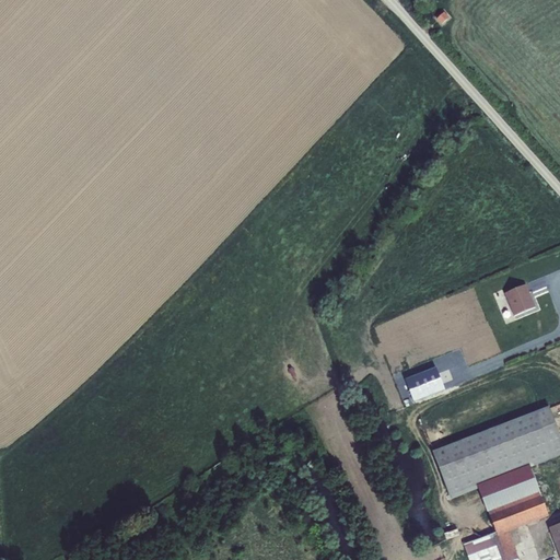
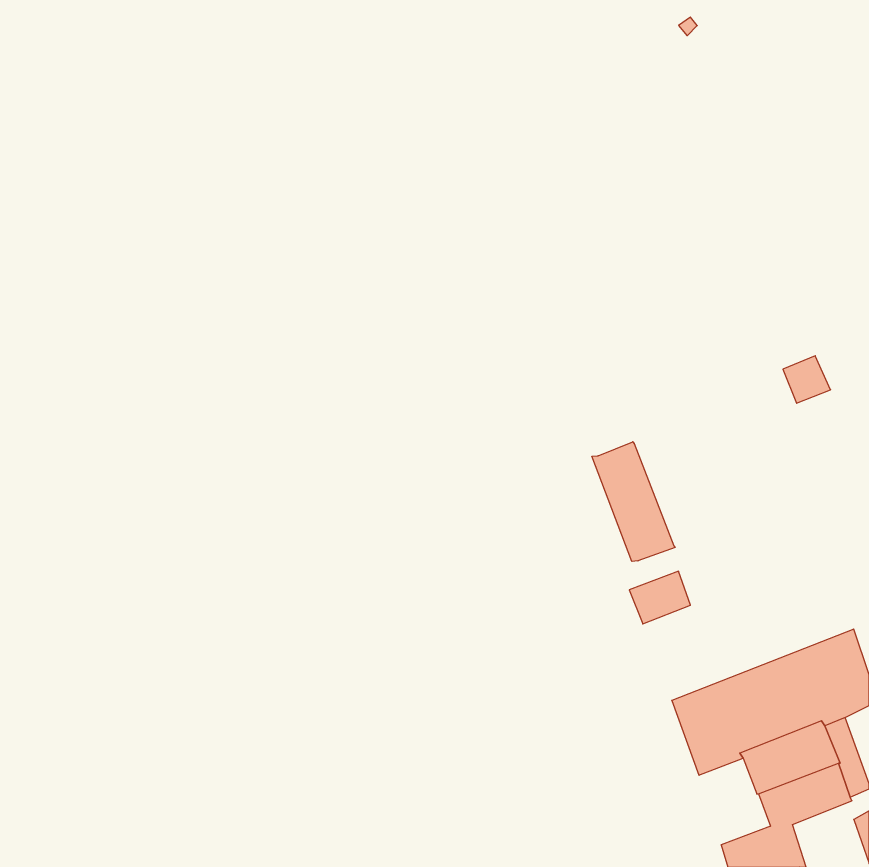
building: [504,283,535,314] -> [783,356,831,403]
building: none -> [592,442,675,561]

